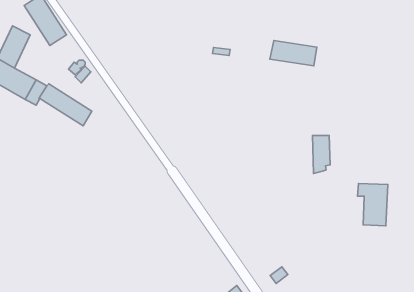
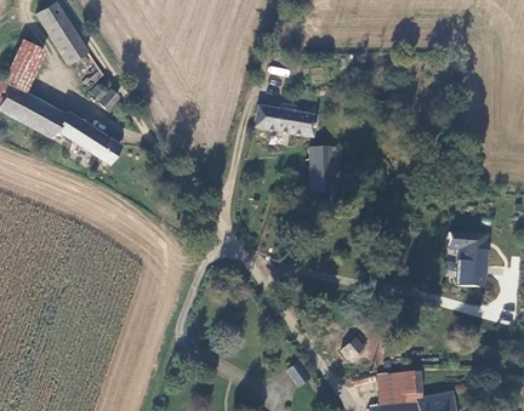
building: [270,40,317,66] -> [257,105,315,137]
building: [313,135,330,174] -> [311,148,332,195]

